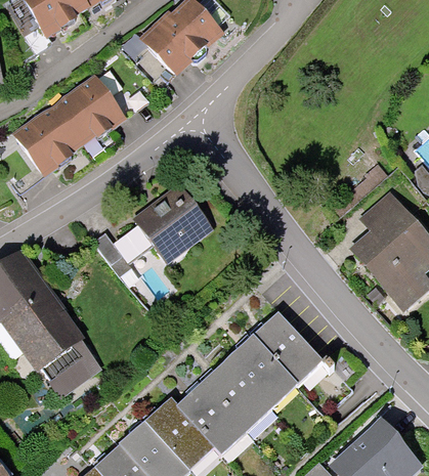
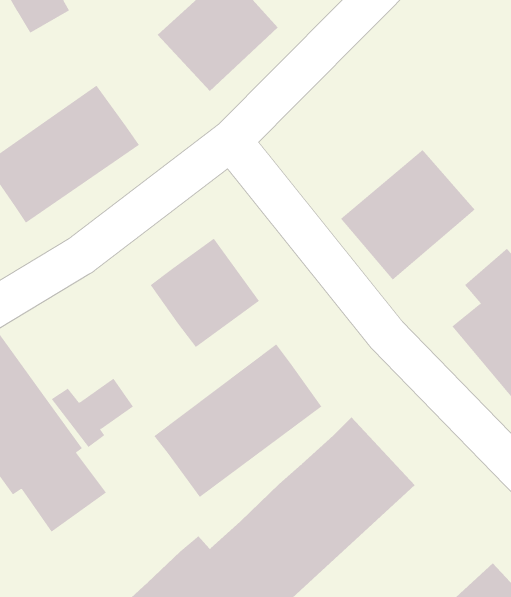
building: none -> [340,149,475,280]
building: [93,226,153,276] -> [51,378,134,448]
building: none -> [154,343,322,498]

